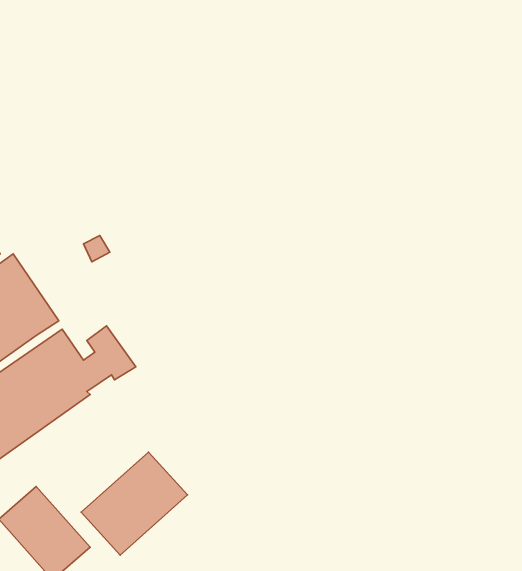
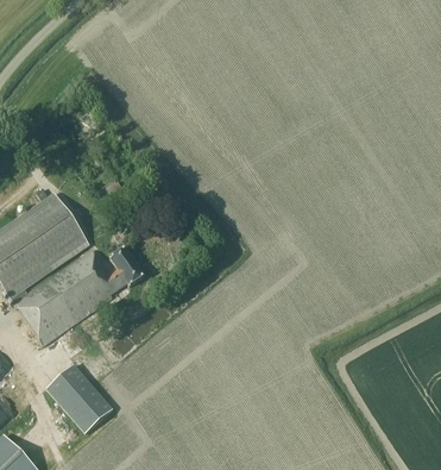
building: [81,452,188,555] -> none

